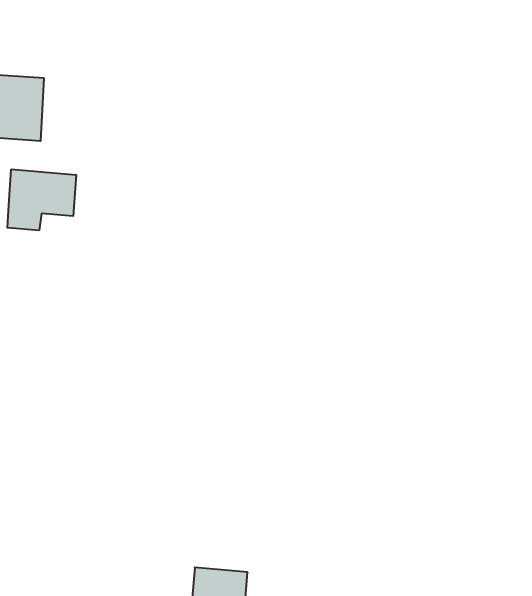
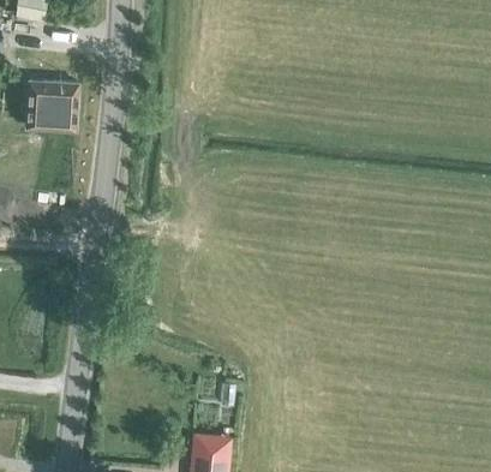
building: [7,169,76,230] -> none

